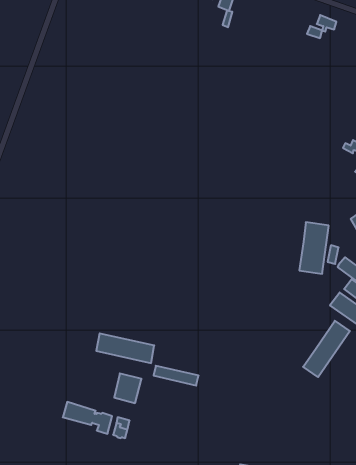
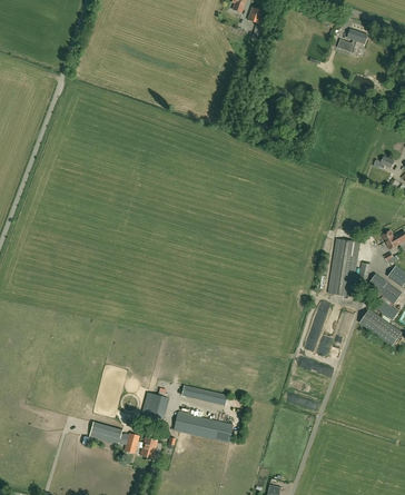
building: [303,321,350,377] -> none
building: [96,333,154,363] -> [174,413,233,443]

